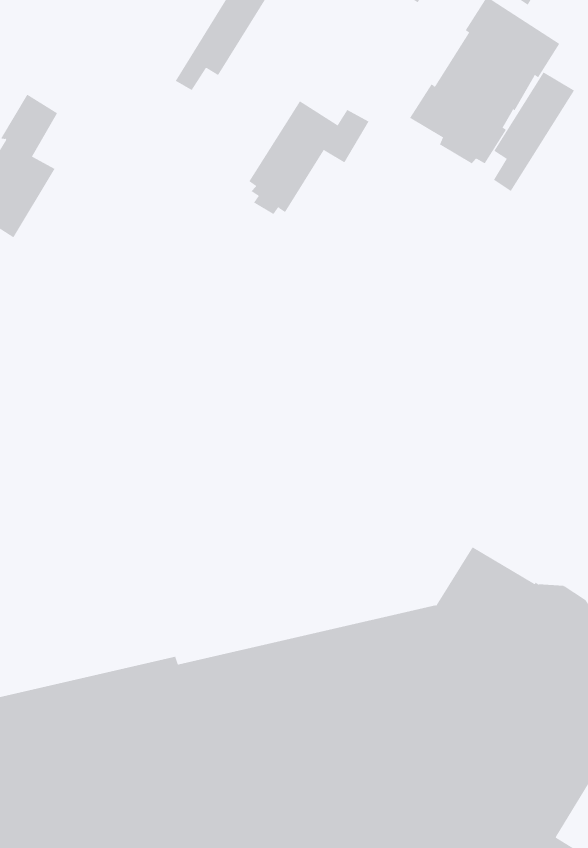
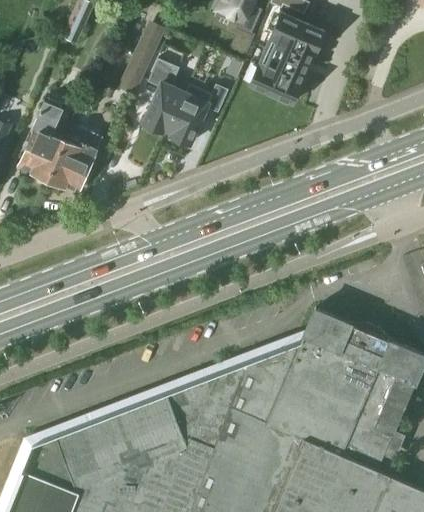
building: none -> [143,61,185,134]
building: [493,71,575,192] -> none
building: none -> [47,125,102,193]

